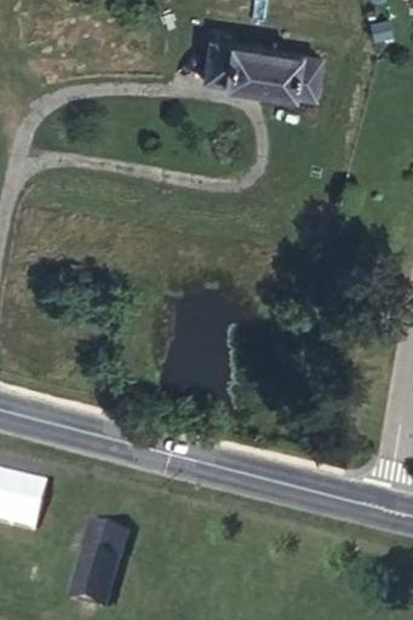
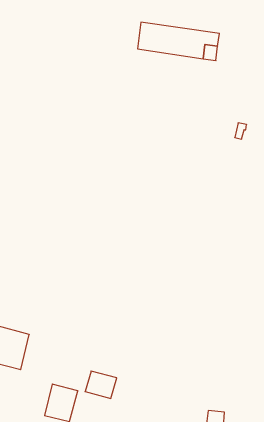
building: [82,528,127,567] -> [85,371,117,398]

